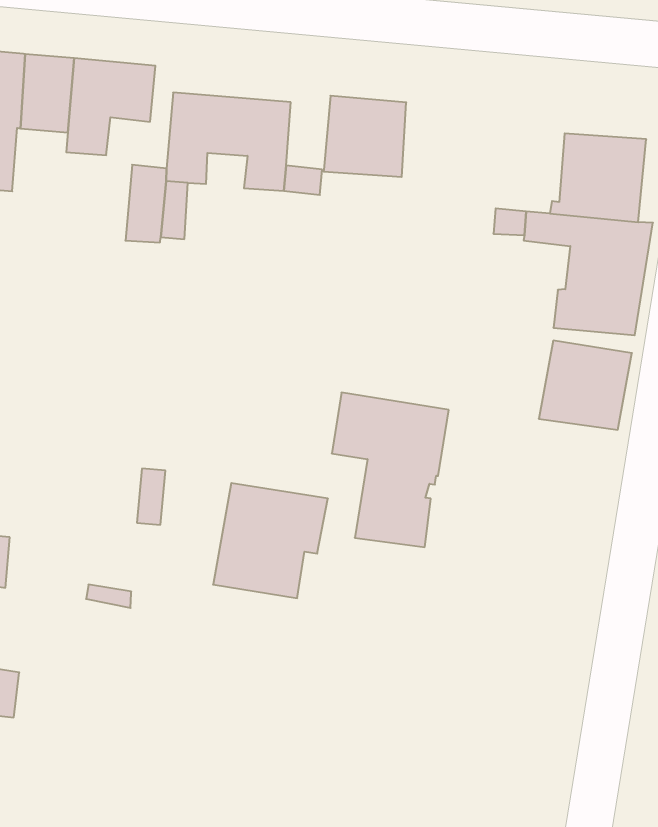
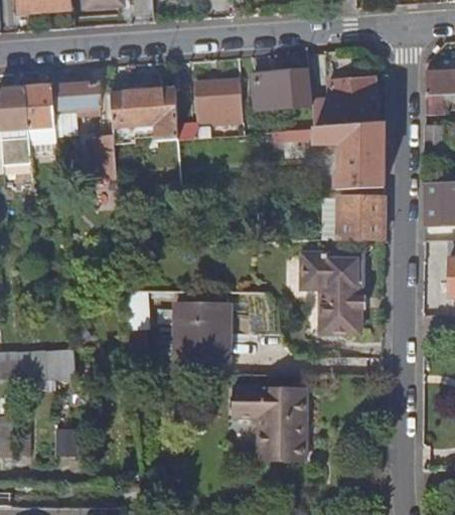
building: none -> [252,67,311,108]
building: [332,393,449,547] -> [301,254,361,333]
building: none -> [233,386,305,460]

